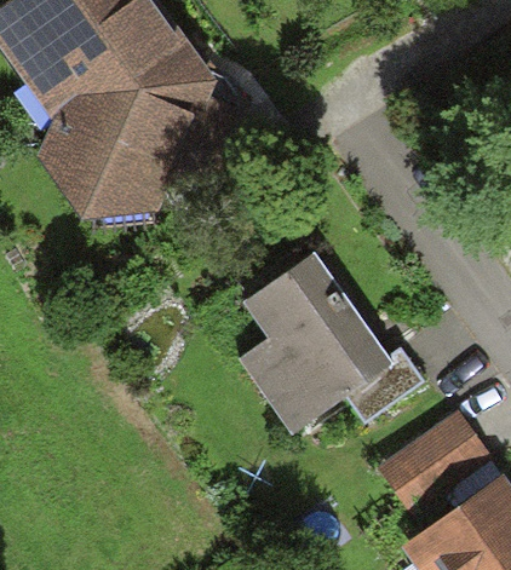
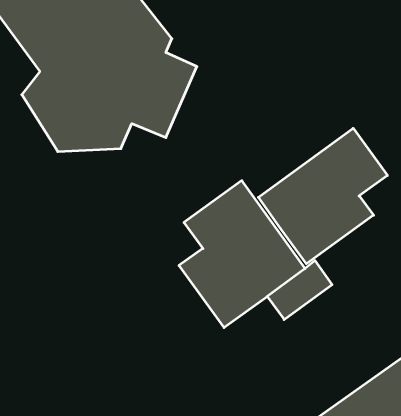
building: none -> [258,128,387,264]
building: [380,408,486,507] -> none

